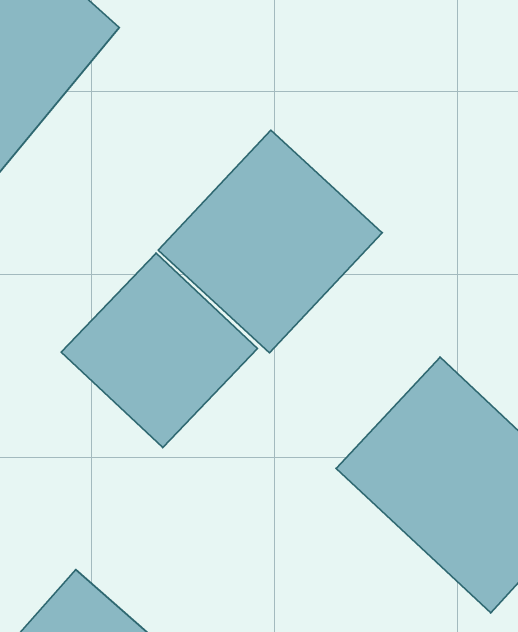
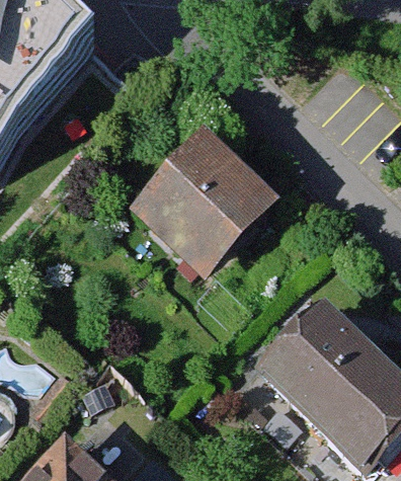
building: [61,253,257,448] -> none

